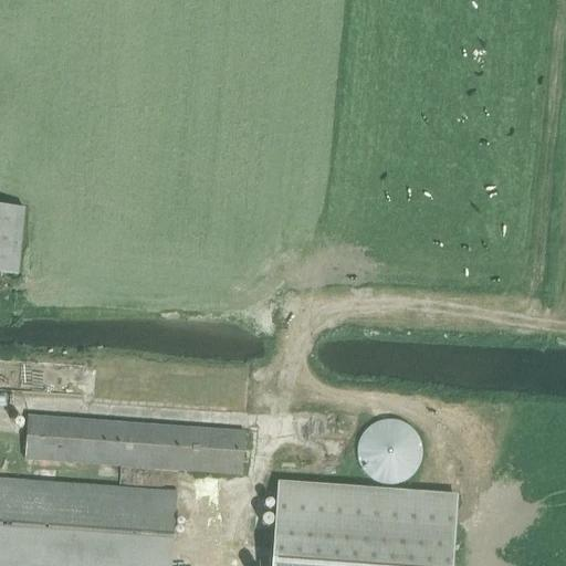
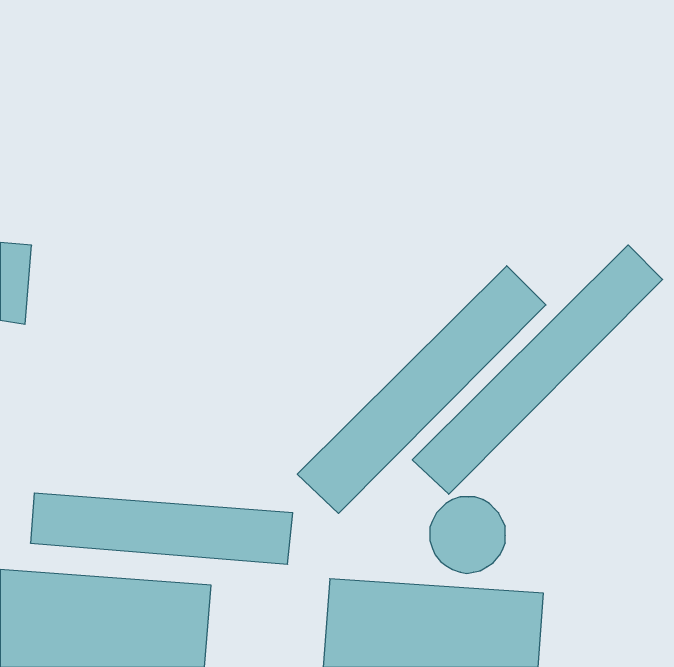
building: none -> [412,245,663,494]
building: none -> [297,266,546,513]

